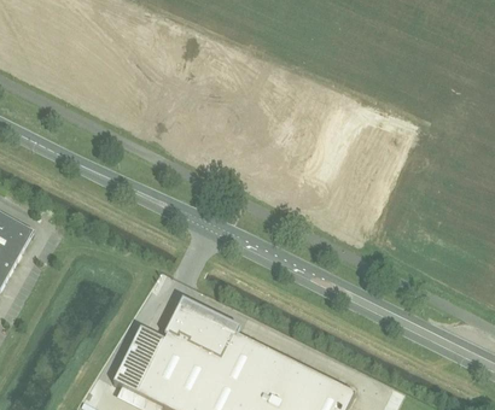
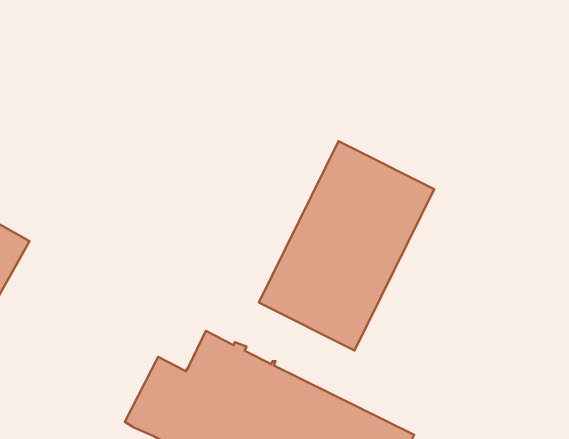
building: none -> [259,141,434,350]

